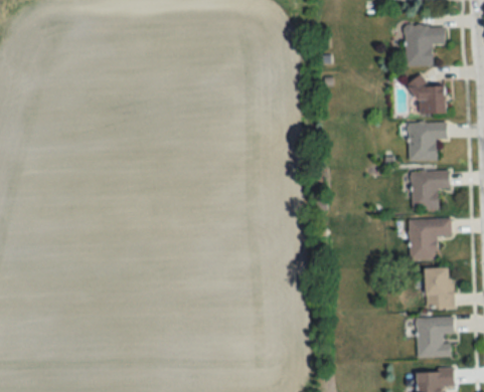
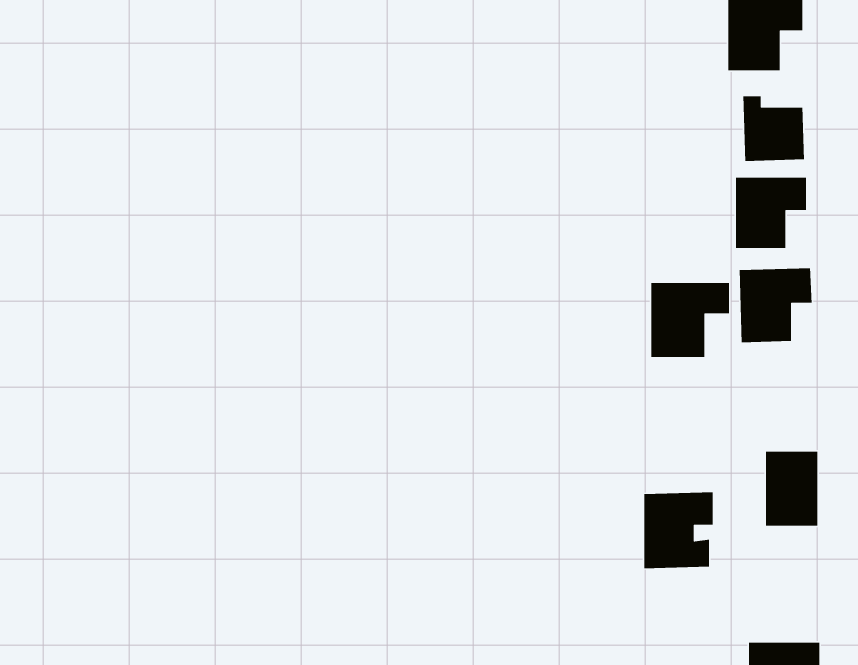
building: [409,219,451,259] -> [650,282,730,358]
building: [416,316,453,357] -> [644,492,714,569]

